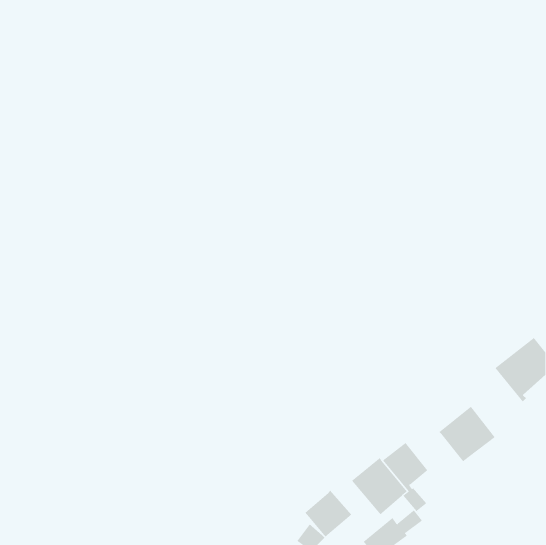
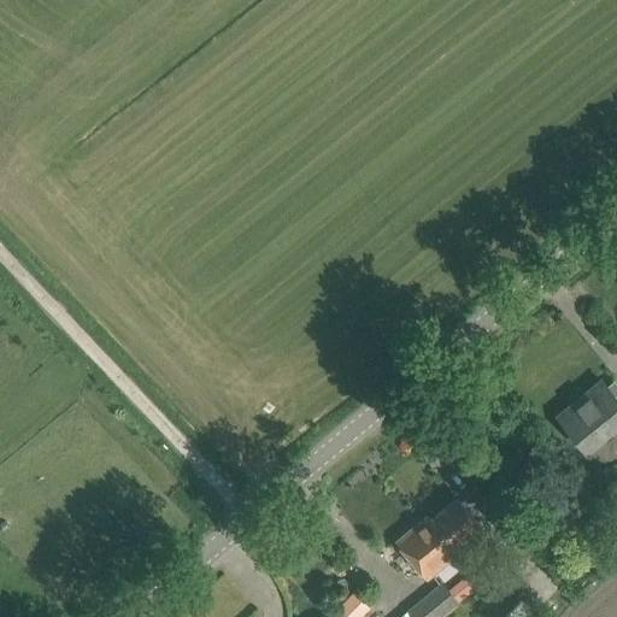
building: [438,406,495,462] -> none
building: [305,490,352,538] -> none

